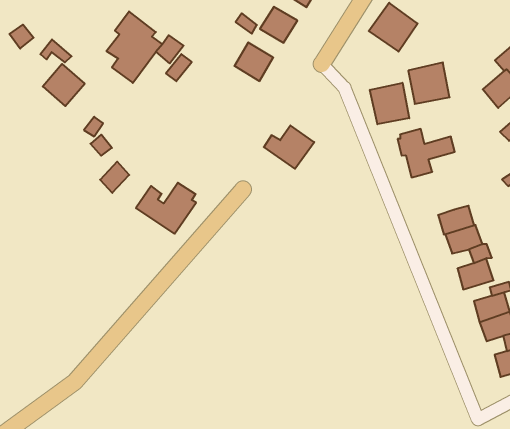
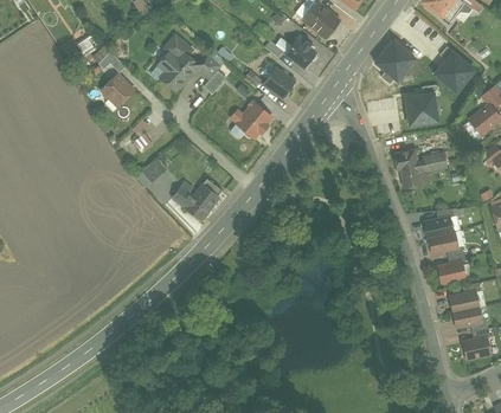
building: none -> [435,52,476,93]
building: [370,83,409,124] -> none
building: [264,125,314,169] -> [229,102,271,138]

